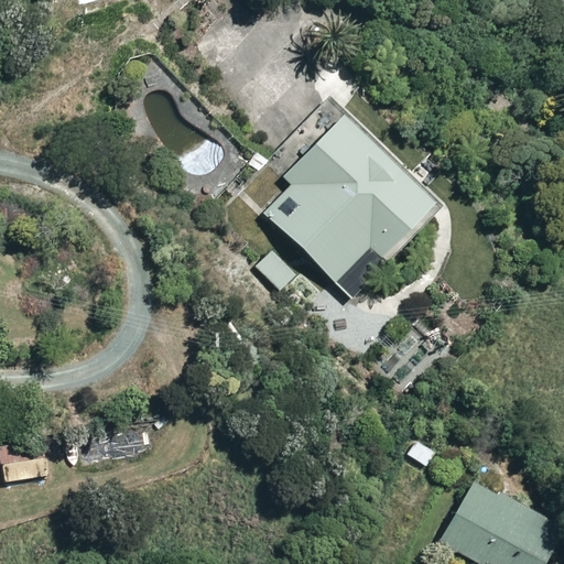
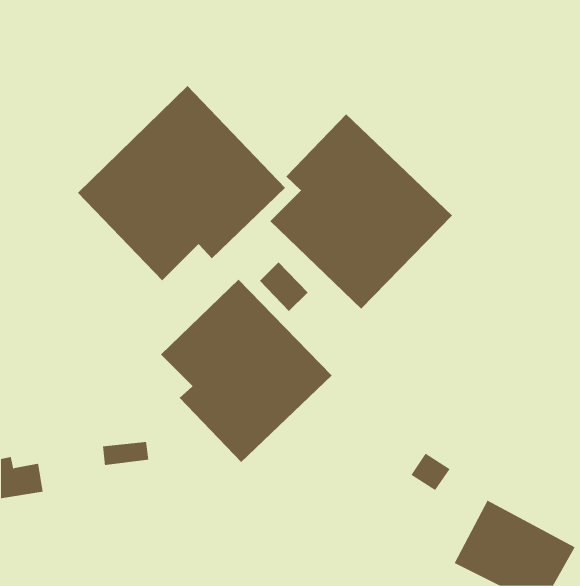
building: none -> [77,85,286,281]
building: none -> [160,279,332,463]

